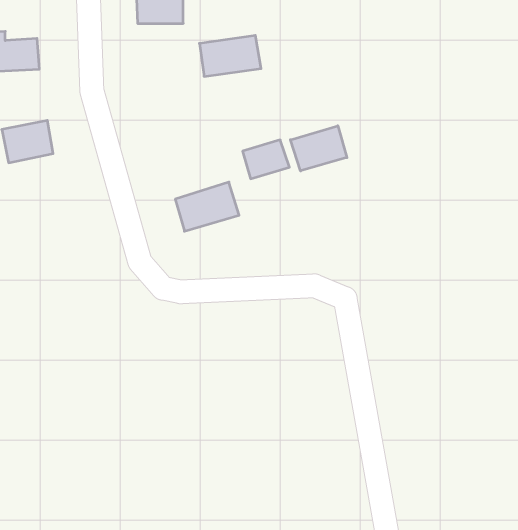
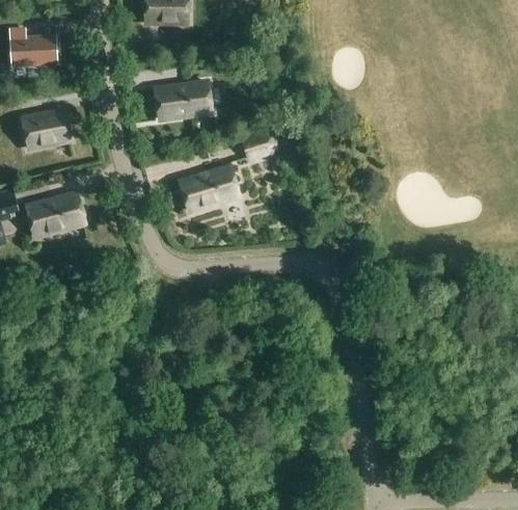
building: [199,35,261,76] -> [156,82,212,119]
building: [290,126,347,171] -> none
building: none -> [27,193,85,237]

